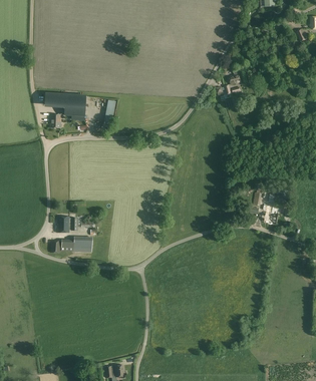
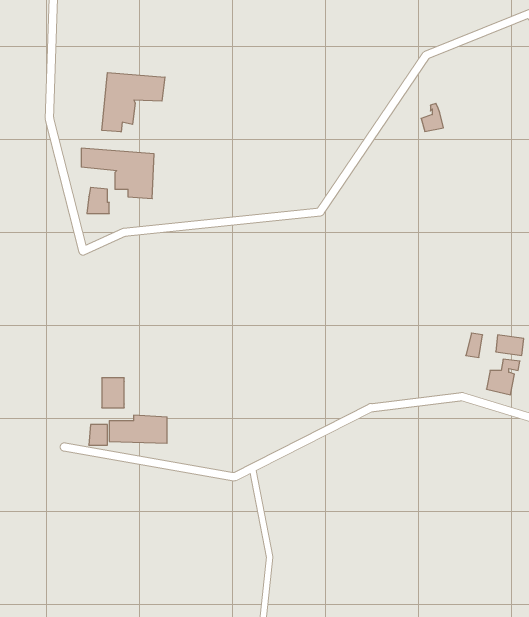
building: none -> [102,73,165,132]

